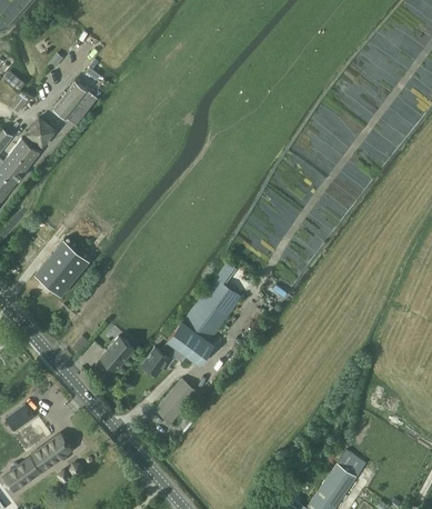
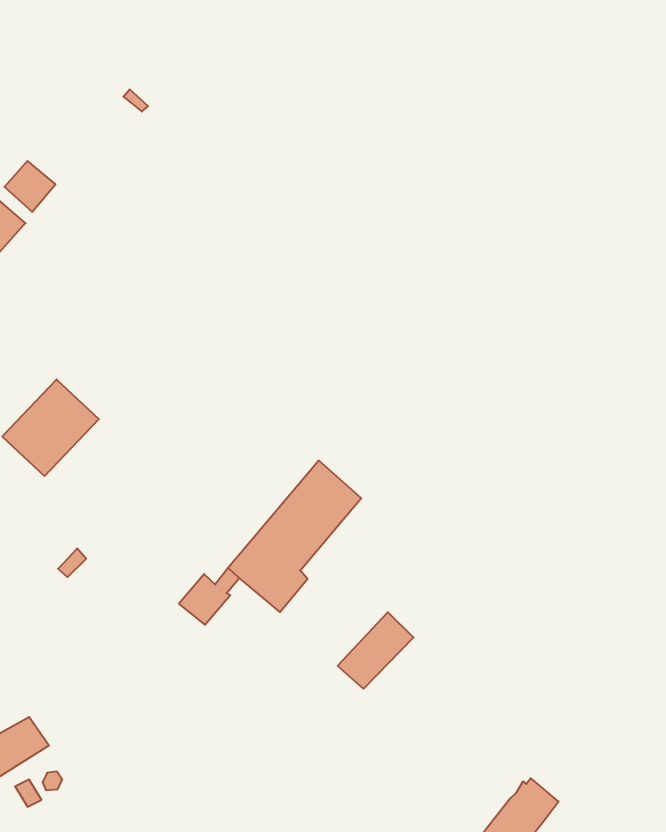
building: [54,83,98,127] -> none
building: [98,337,132,372] -> none
building: [154,379,197,423] -> [338,612,414,689]

